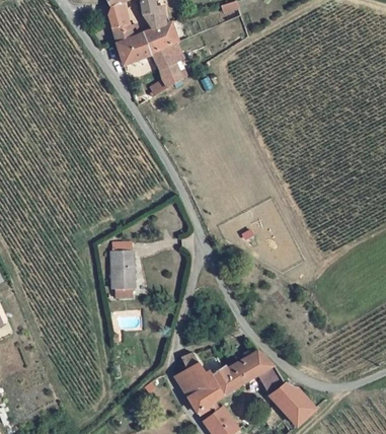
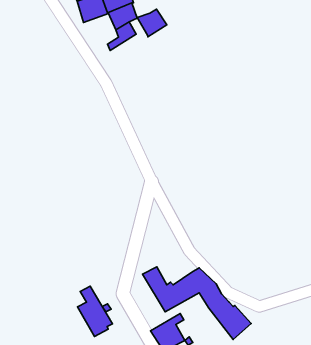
building: none -> [137,9,167,37]
building: [111,247,136,295] -> none
building: [177,353,217,410] -> [78,286,113,336]

